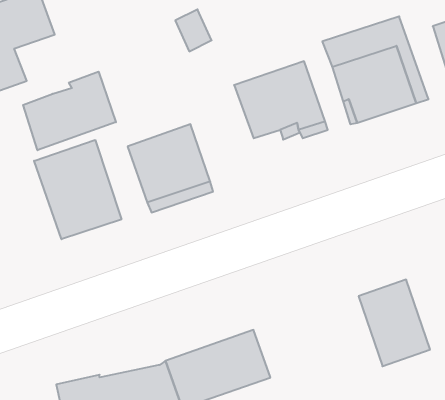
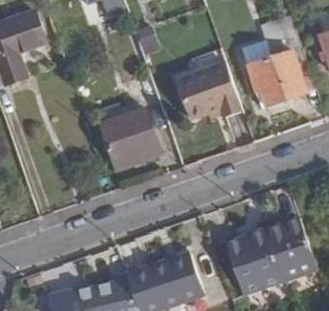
building: [23,72,116,150] -> none
building: [34,140,121,239] -> none
building: none -> [226,231,283,296]

